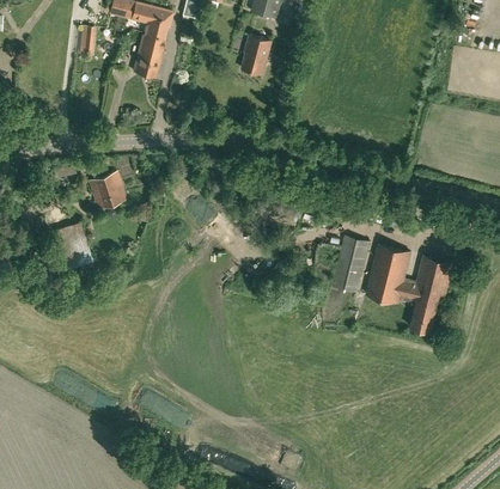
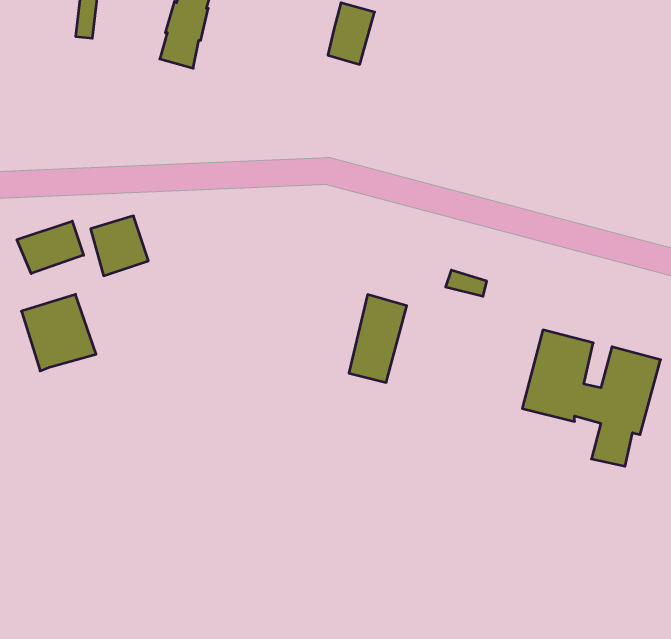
building: none -> [17,221,84,274]
building: [333,237,370,293] -> [349,295,407,382]

